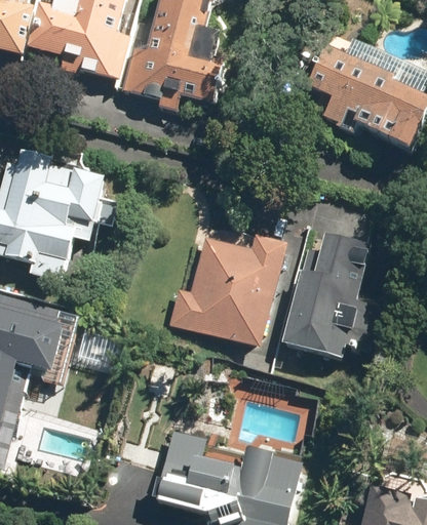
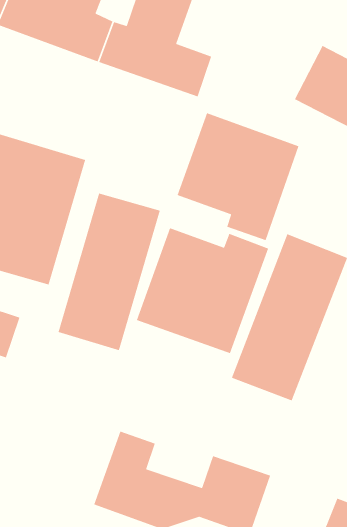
building: none -> [176,112,300,241]
building: none -> [57,192,161,351]

